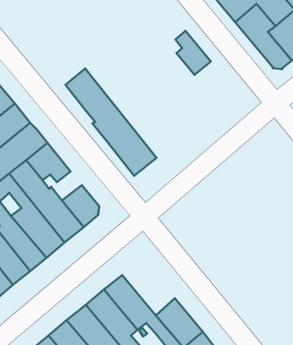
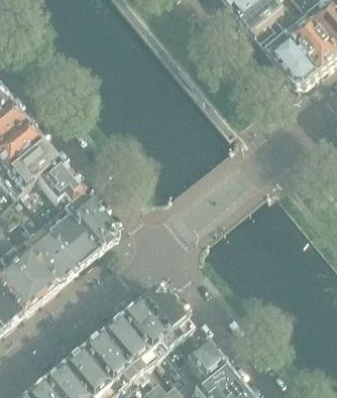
building: [175,31,211,75] -> none
building: [65,69,156,176] -> none
building: none -> [53,193,95,224]
building: none -> [137,289,193,345]

